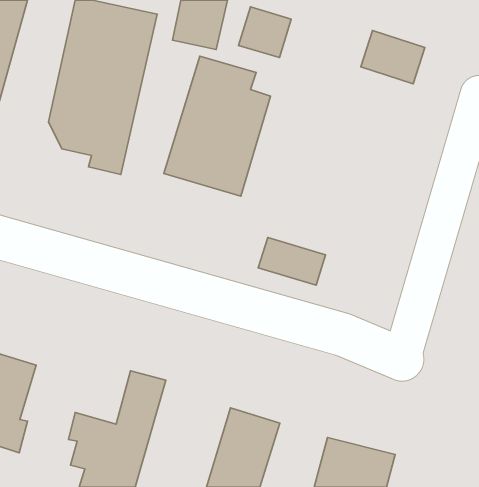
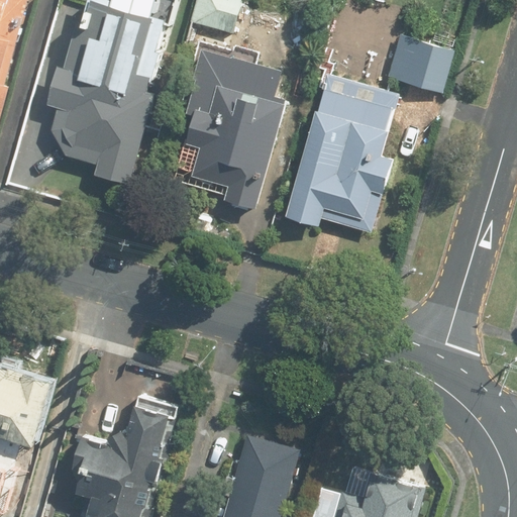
building: [239,7,291,58] -> none
building: none -> [283,73,400,240]
building: [258,238,326,285] -> none

